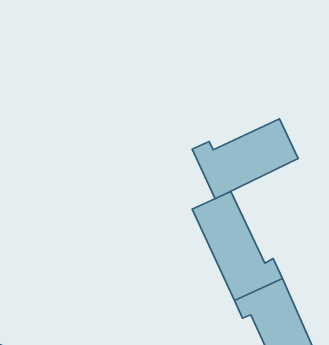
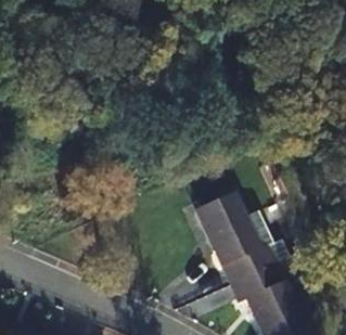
building: [192,119,298,199] -> none

